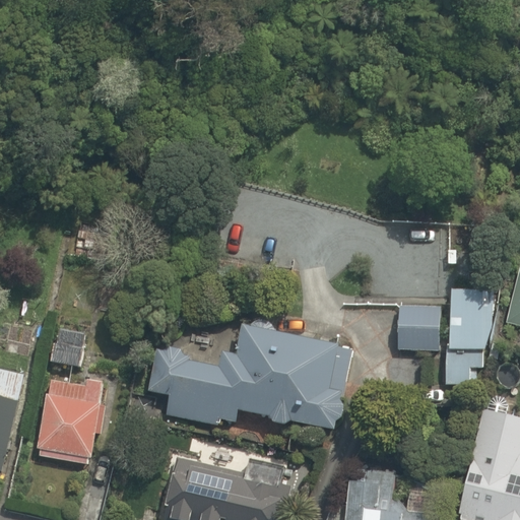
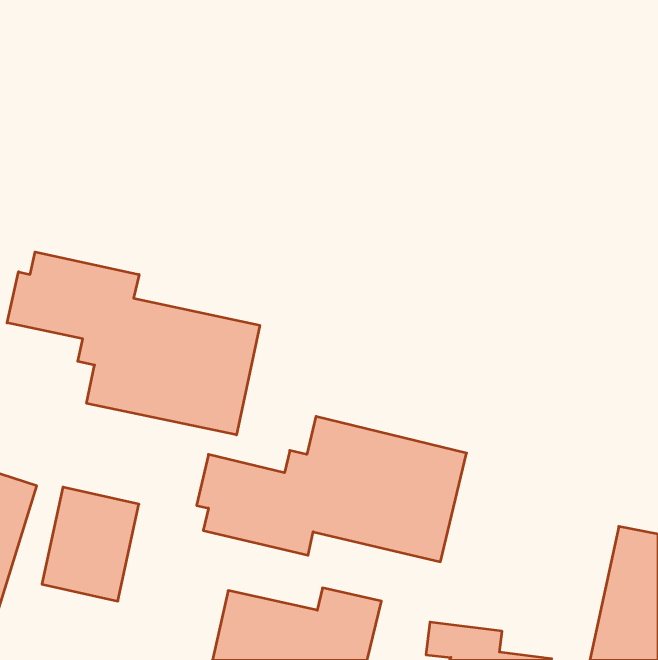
building: none -> [7,252,260,435]
building: [393,298,503,386] -> none

